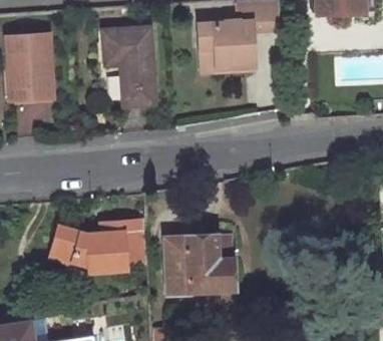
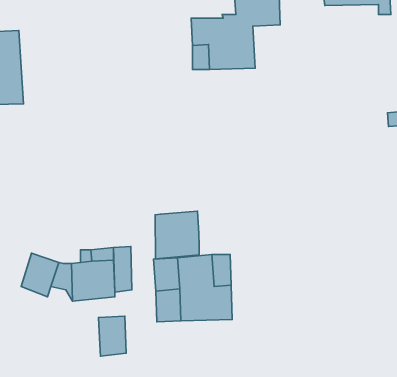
building: [102,26,152,107] -> none
building: none -> [155,211,199,259]
building: none -> [98,316,126,356]

